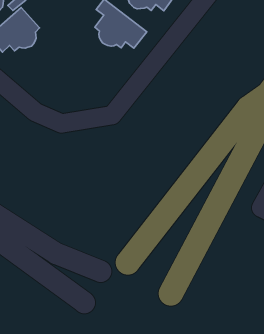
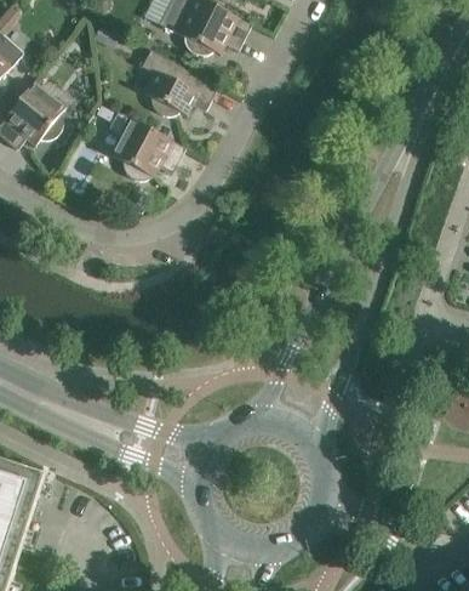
building: none -> [109,110,185,180]

